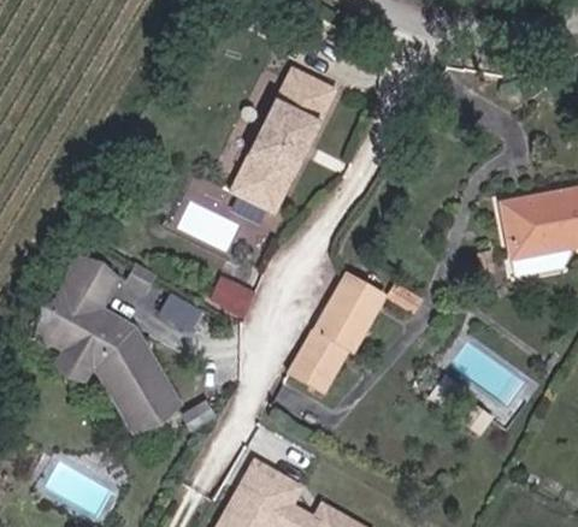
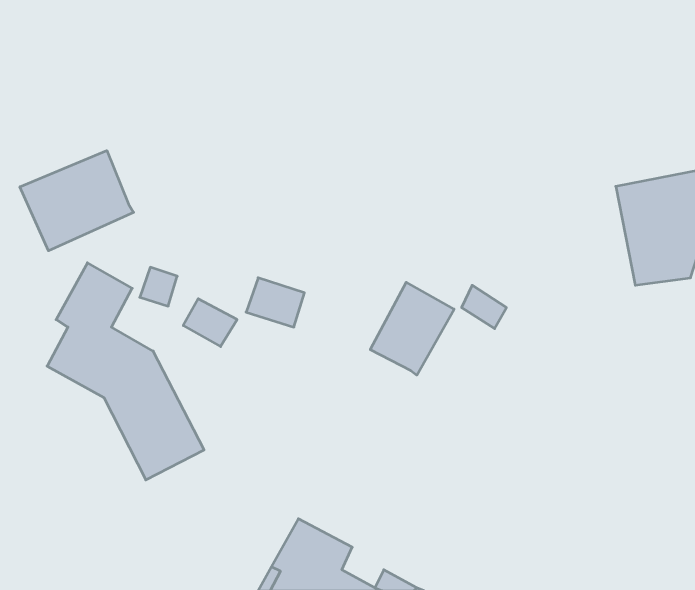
building: [234,66,338,212] -> none
building: none -> [20,151,134,251]
building: [285,330,342,392] -> none

